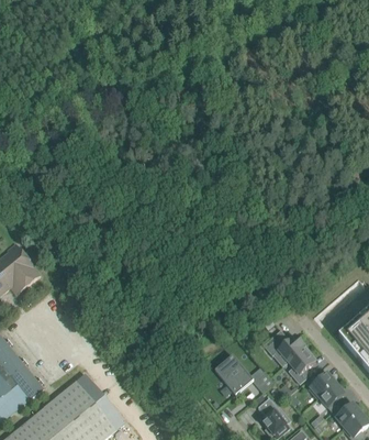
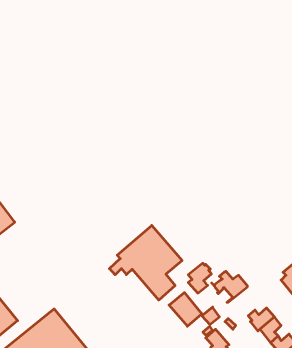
building: none -> [109,225,182,300]
building: [289,349,315,383] -> [188,263,211,293]

